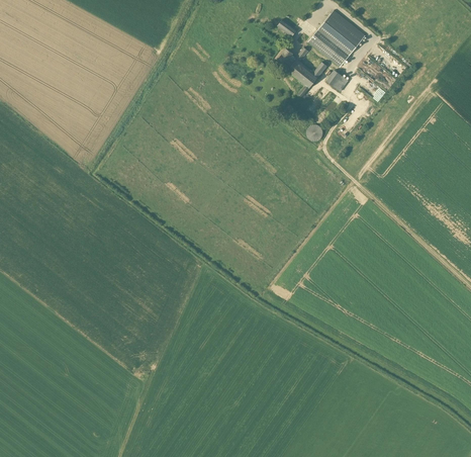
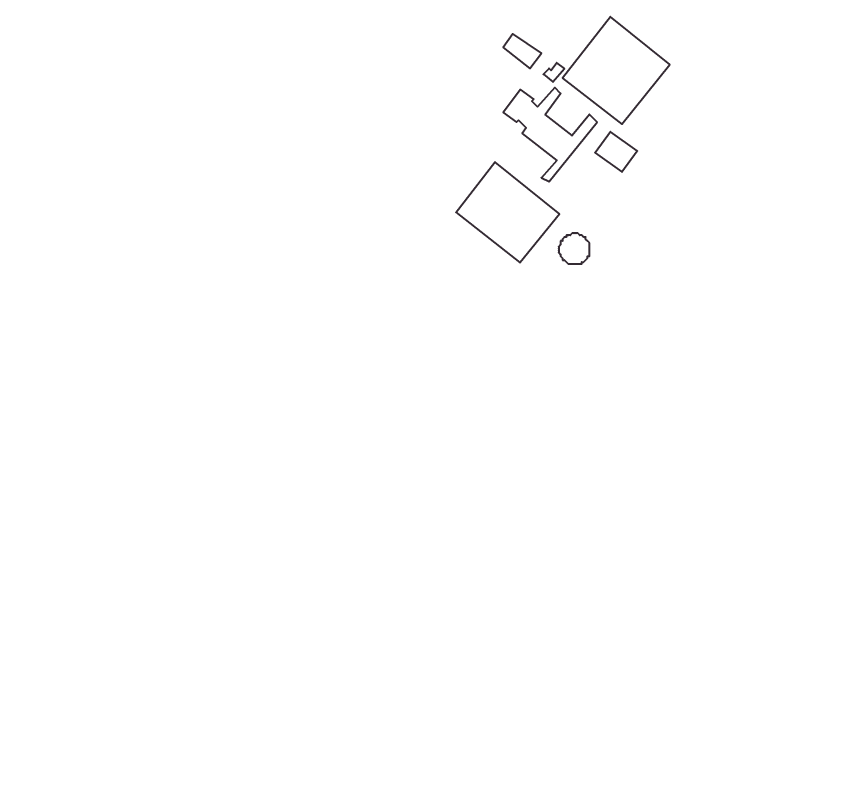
building: none -> [456,162,559,263]

